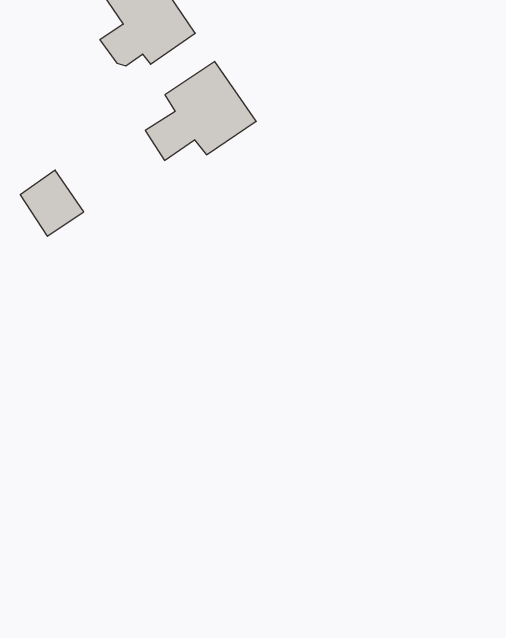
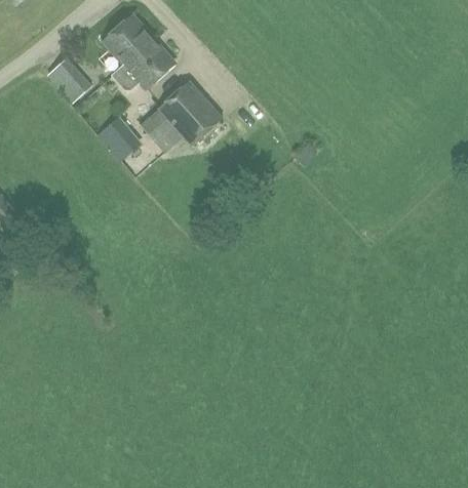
building: none -> [47,57,91,103]
building: [20,170,84,236] -> [98,115,142,160]

